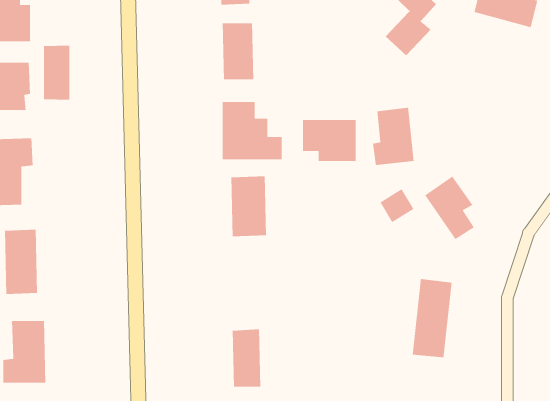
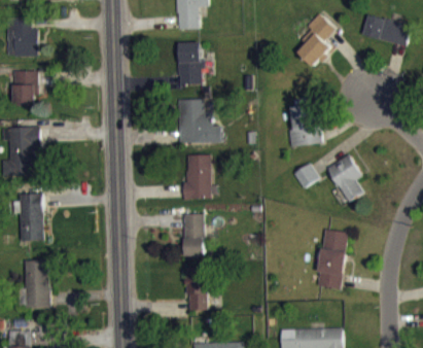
building: [43,45,70,100] -> none
building: [302,119,356,162] -> none
building: none -> [183,214,204,256]

